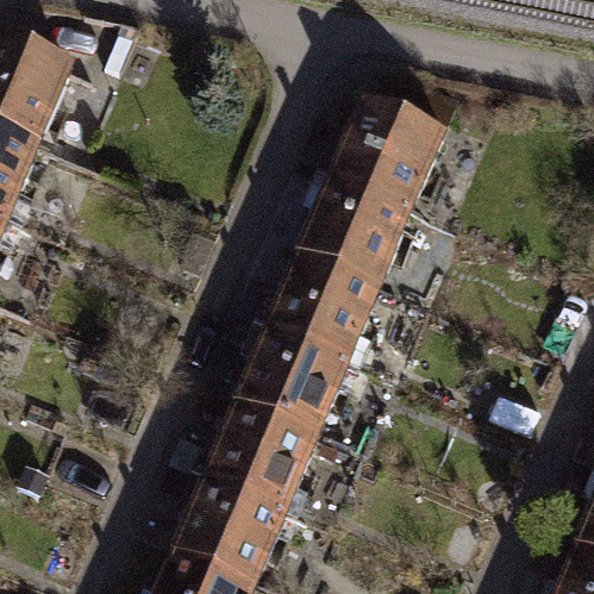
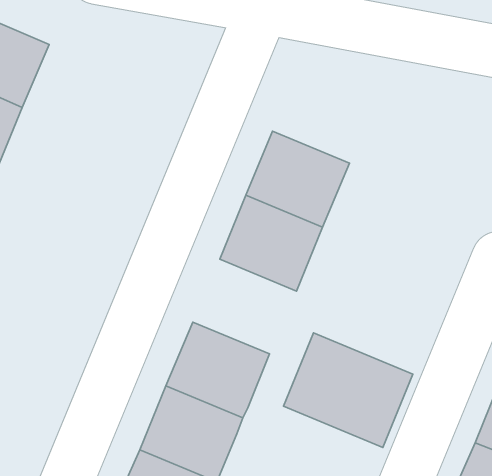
building: [331,92,455,205] -> none
building: [236,319,359,432] -> none
building: none -> [283,333,413,448]

